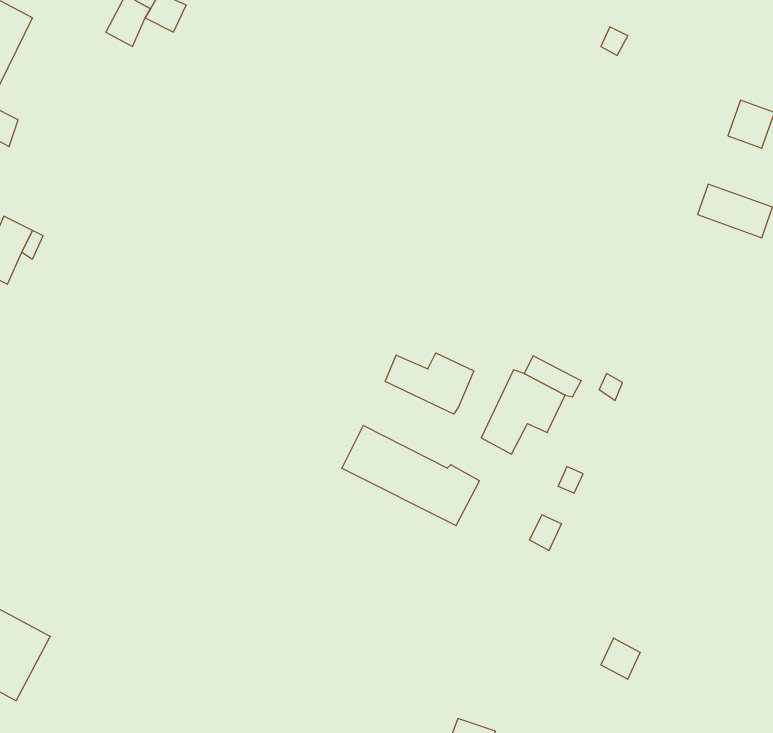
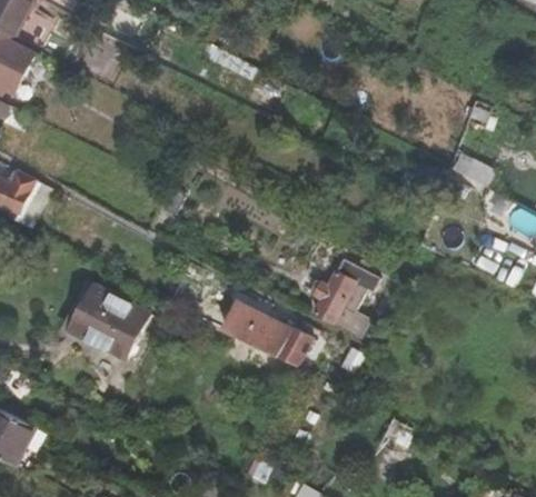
building: [385,353,474,414] -> none
building: none -> [68,284,148,358]

